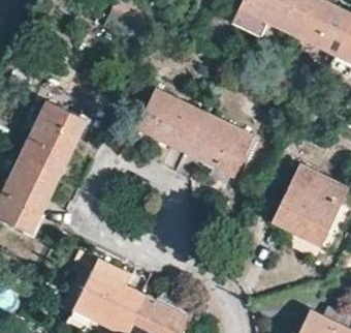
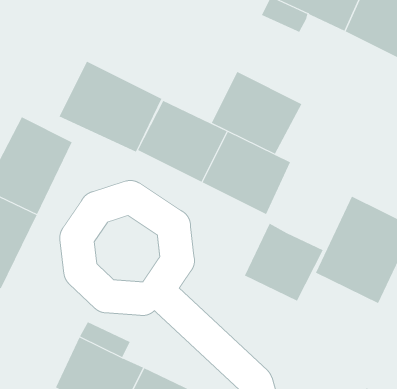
building: none -> [59,61,162,153]
building: none -> [211,71,302,155]
building: none -> [244,223,323,302]

